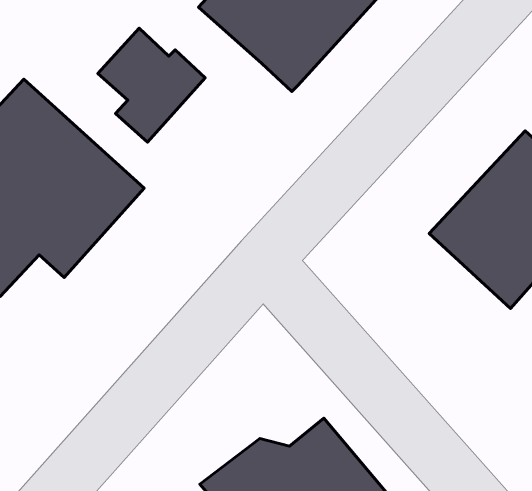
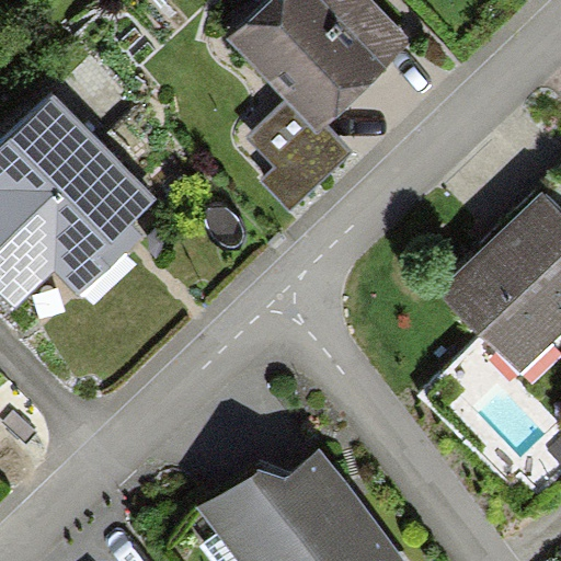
building: [98,28,205,142] -> [245,99,351,211]

